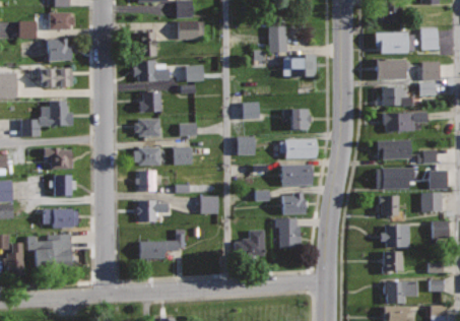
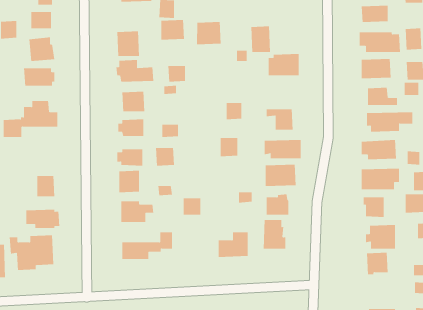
building: none -> [196,21,221,45]
building: [45,148,74,170] -> none
building: [383,281,419,303] -> none

